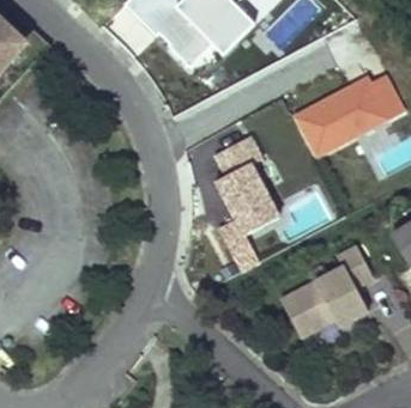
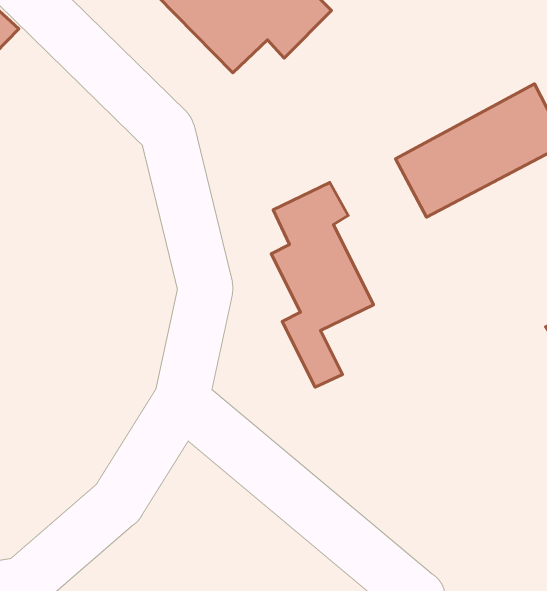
building: [280,245,371,330] -> none

